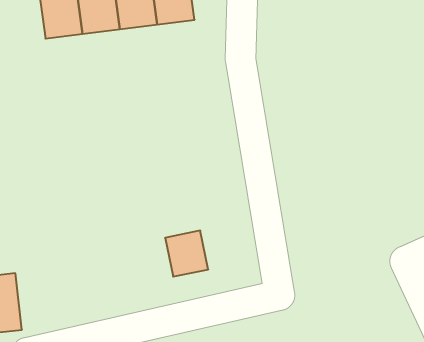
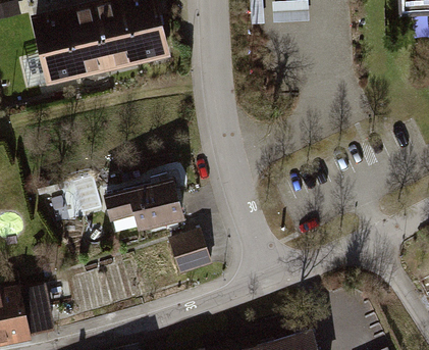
building: none -> [105,182,180,235]

